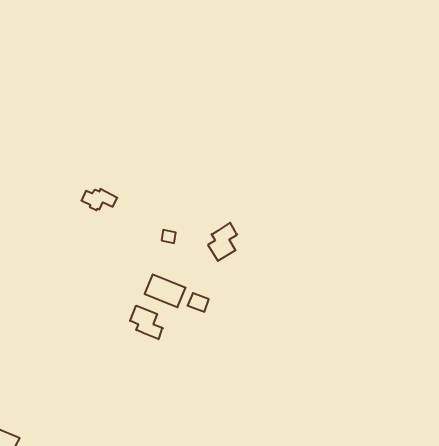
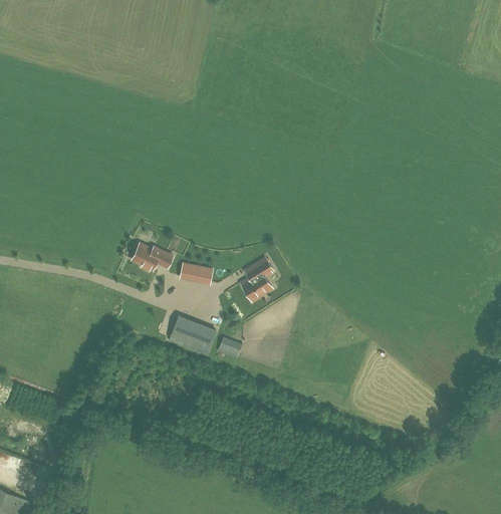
building: [81,189,117,210] -> [132,247,172,271]
building: [130,306,163,339] -> none

